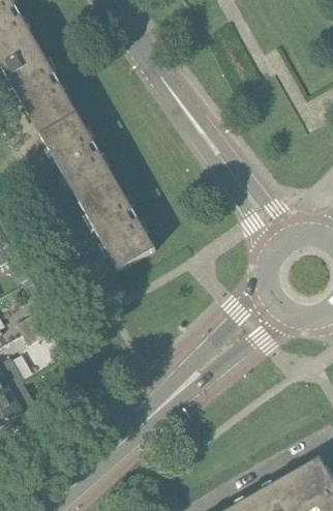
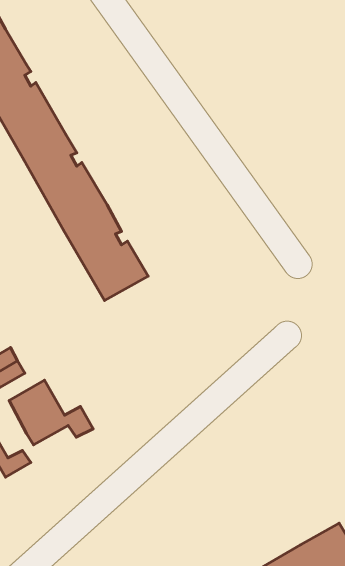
building: none -> [9,380,93,445]

